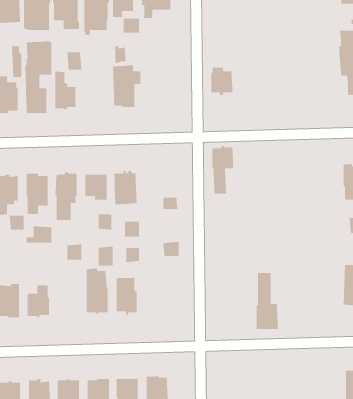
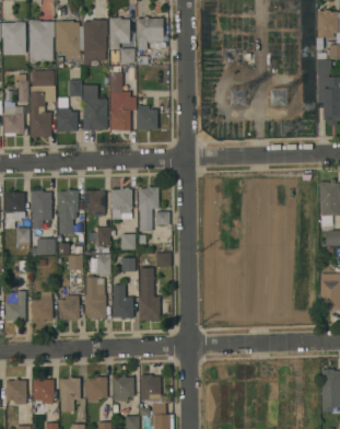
building: [211,67,233,96] -> [137,105,157,131]
building: none -> [82,98,107,130]
building: [211,145,234,194] -> [138,186,159,231]
building: [256,272,279,330] -> [139,267,160,320]
building: none -> [59,294,79,320]

